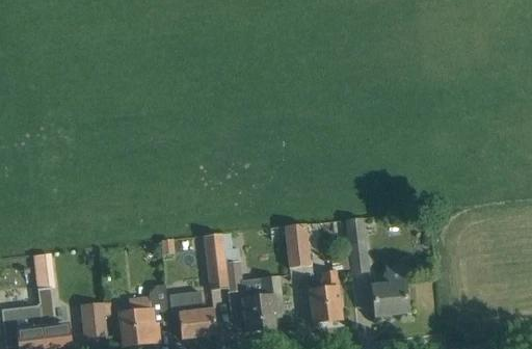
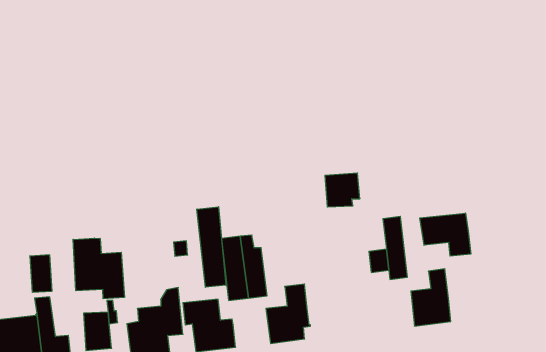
building: none -> [197,207,226,287]
building: none -> [420,213,471,256]
building: [286,225,317,256] -> [325,173,360,207]
building: none -> [73,238,124,299]
building: [309,270,342,323] -> none

